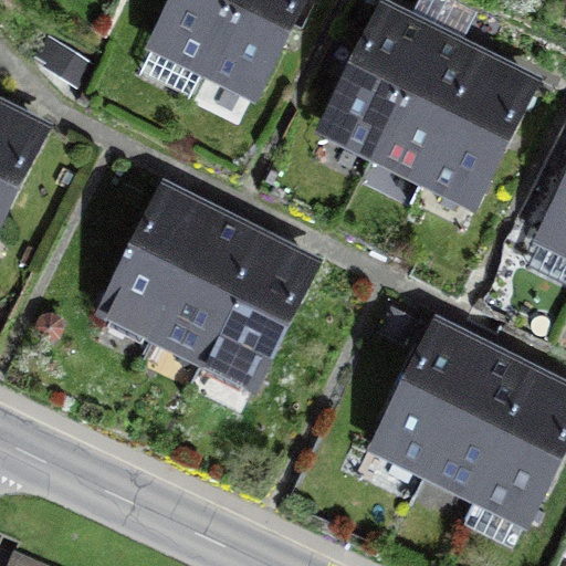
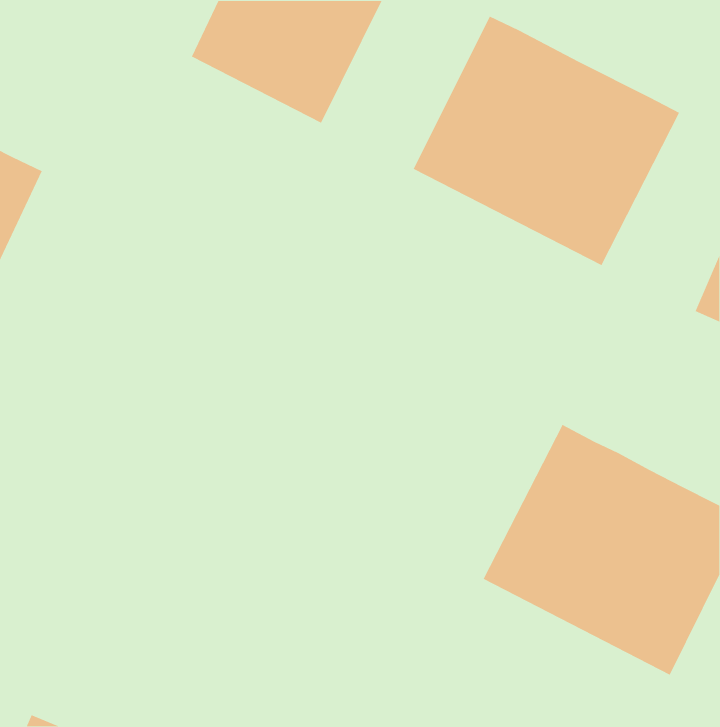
building: [106,196,310,388] -> none

